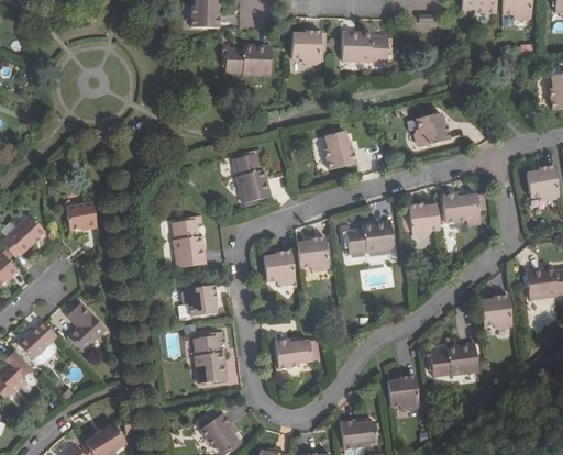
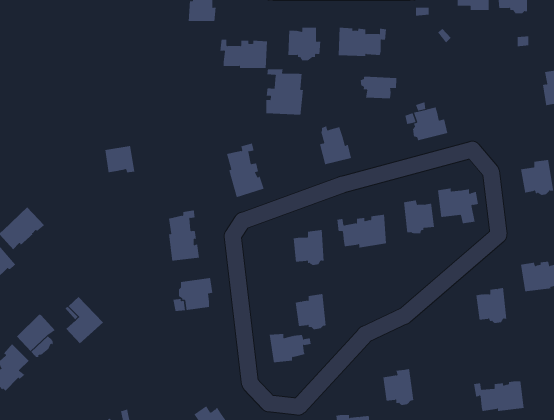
building: none -> [266,69,304,116]
building: none -> [360,76,397,99]
building: [67,199,98,226] -> [105,146,135,173]
building: [263,247,295,284] -> [295,294,327,330]
building: [194,330,225,382] -> none
building: [426,343,477,374] -> [473,381,525,411]

